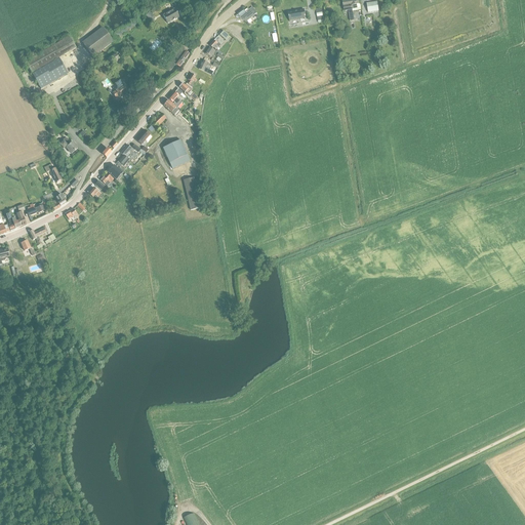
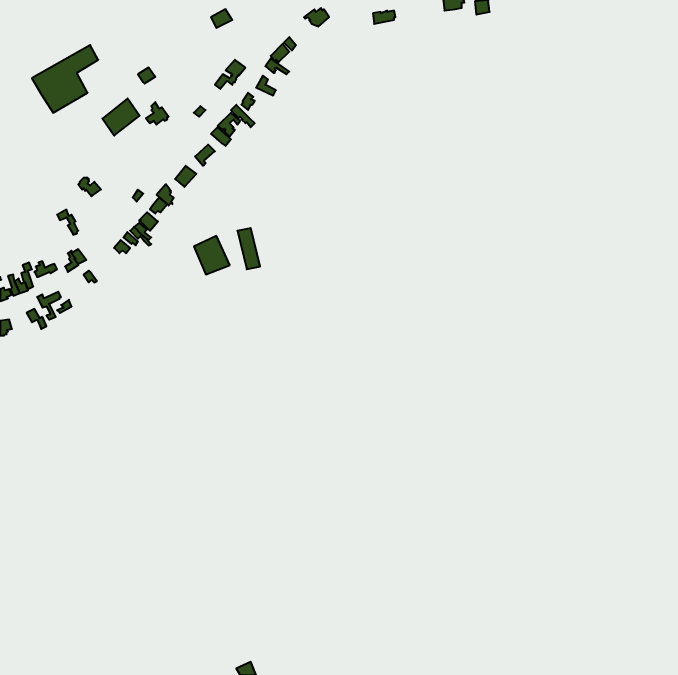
building: [84,28,113,56] -> [102,98,140,136]
building: [163,137,191,167] -> [194,236,230,274]

